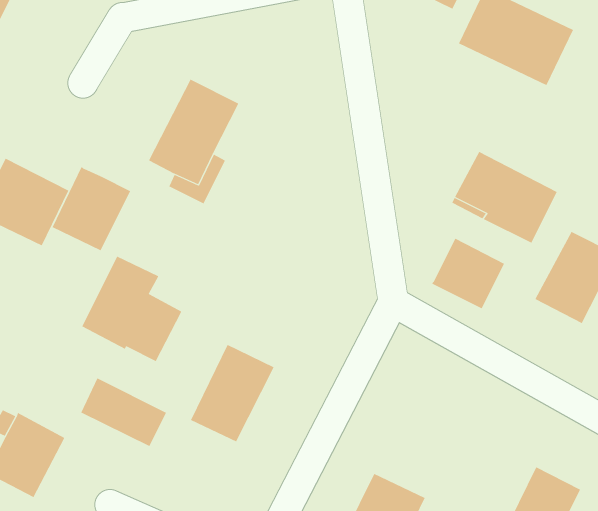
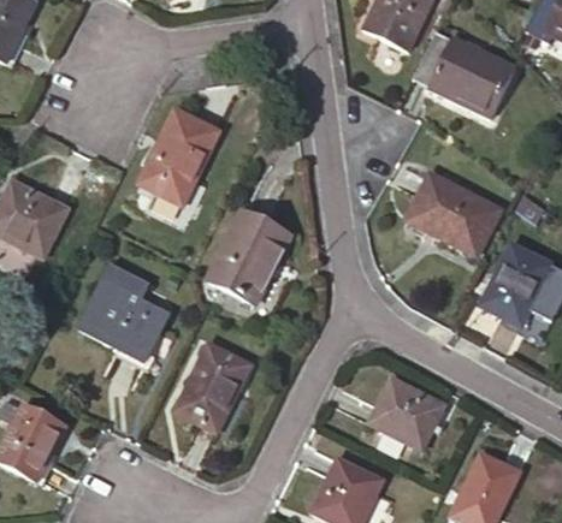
building: [52,166,131,251] -> none
building: none -> [207,210,290,303]
building: [431,238,505,309] -> none
building: [80,378,167,447] -> none
building: none -> [368,378,445,450]

